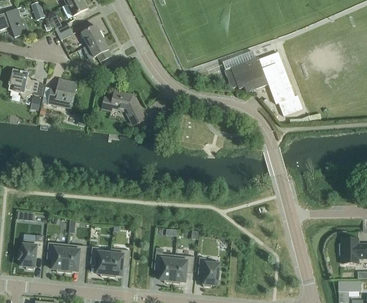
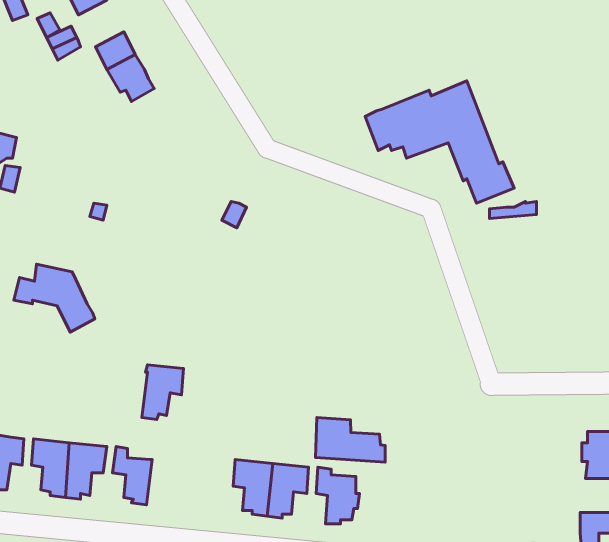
building: [47,79,77,108] -> none
building: [102,90,145,126] -> [14,264,95,332]
building: none -> [316,417,385,462]
building: [108,248,130,277] -> [142,365,183,419]

